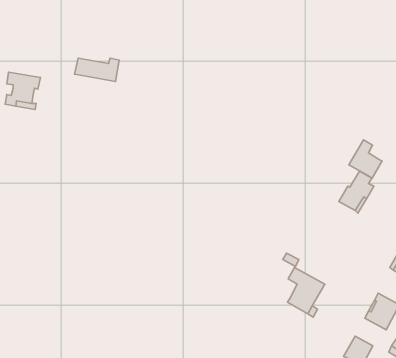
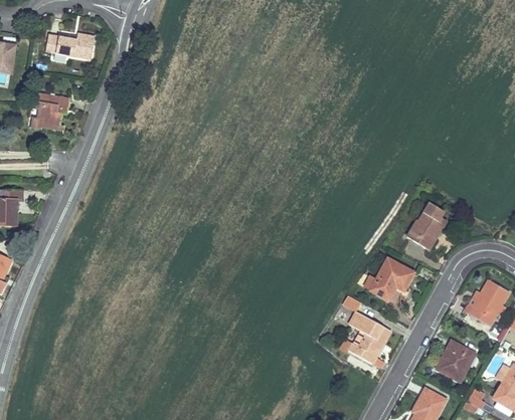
building: [75,58,119,81] -> [43,33,94,59]
building: [349,140,382,178] -> none
building: none -> [356,259,412,299]

